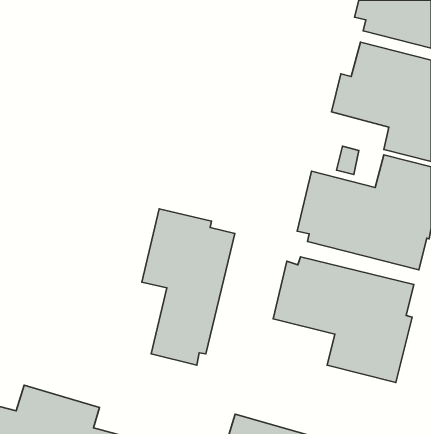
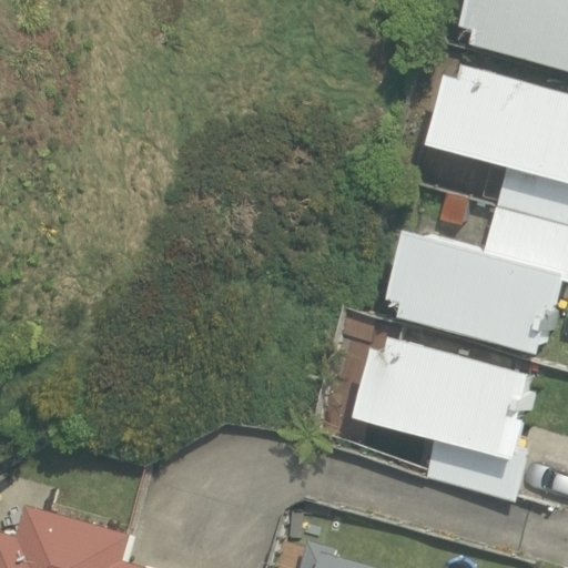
building: [142,209,235,365] -> none

